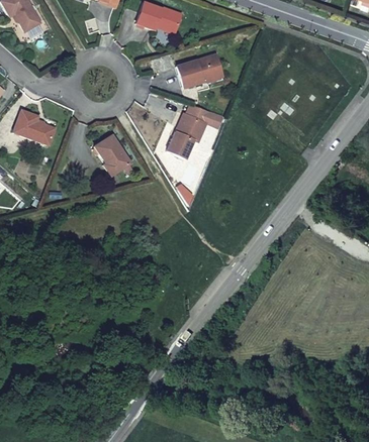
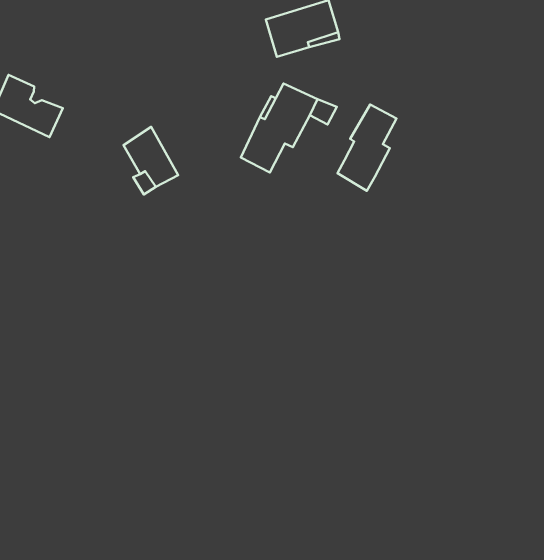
building: none -> [337,104,396,191]

